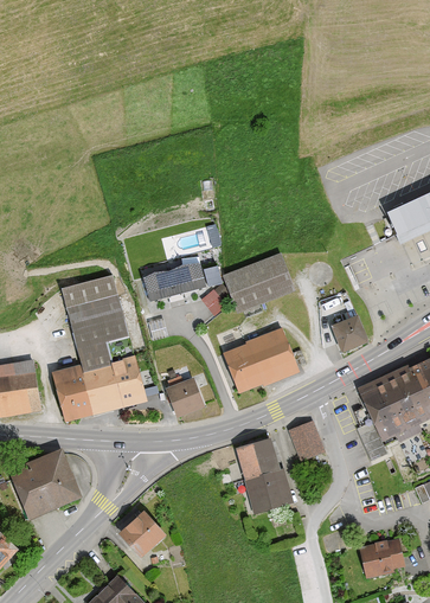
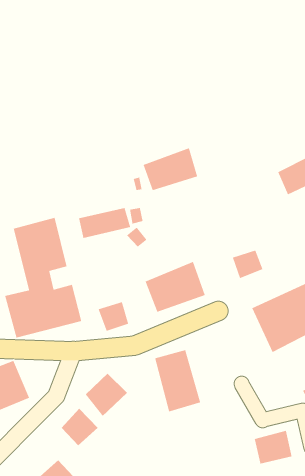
building: [224,254,293,308] -> [142,147,198,191]
building: [285,421,325,463] -> none
building: none -> [85,373,128,417]

